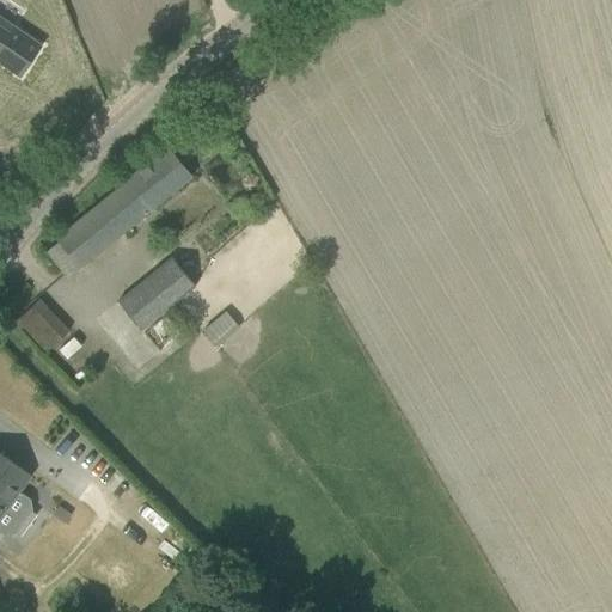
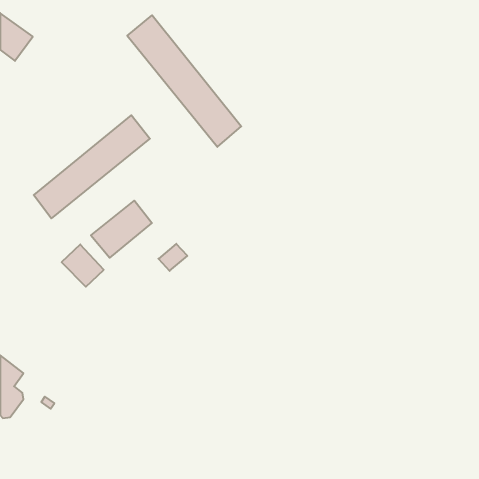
building: none -> [127,15,241,147]
building: [14,296,68,350] -> [62,244,104,287]

